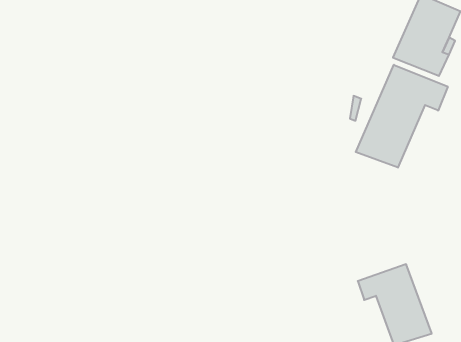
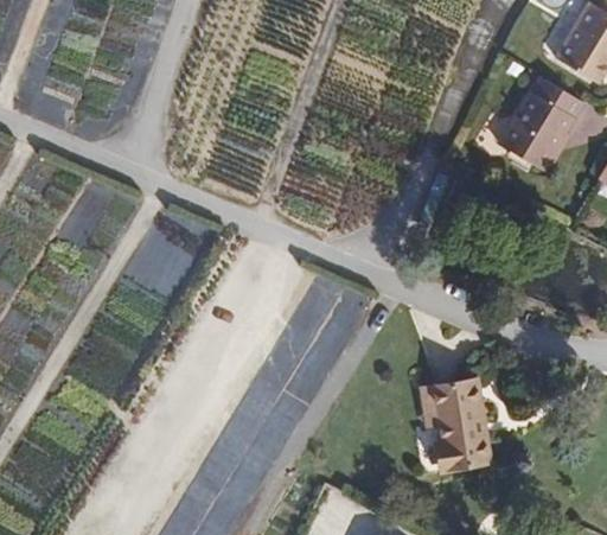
building: [356,65,448,168] -> none

